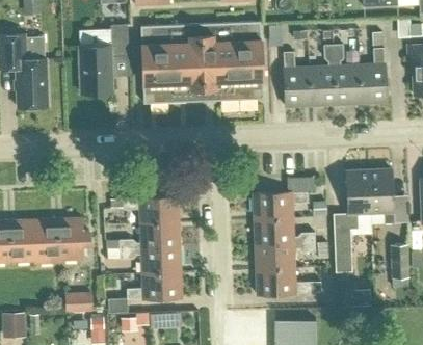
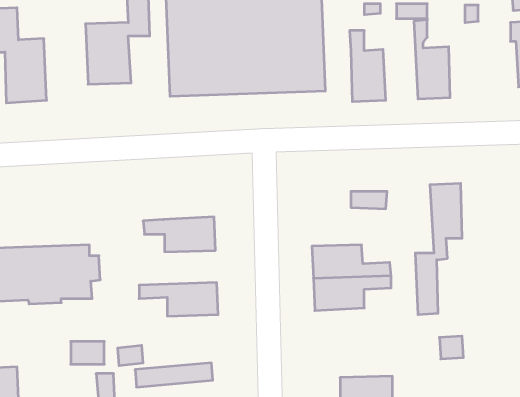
building: [309,45,336,106] -> none
building: [360,48,387,104] -> none
building: [369,169,394,223] -> none
building: [253,192,308,219] -> none
building: [120,222,180,249] -> none
building: [390,245,409,280] -> none
building: [256,267,321,295] -> none
building: [127,272,182,299] -> none

